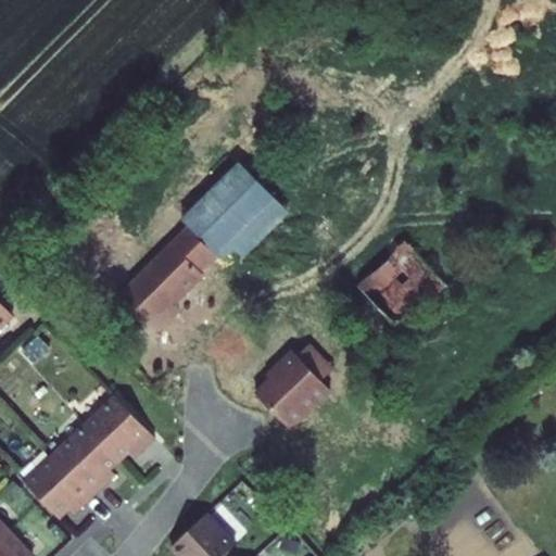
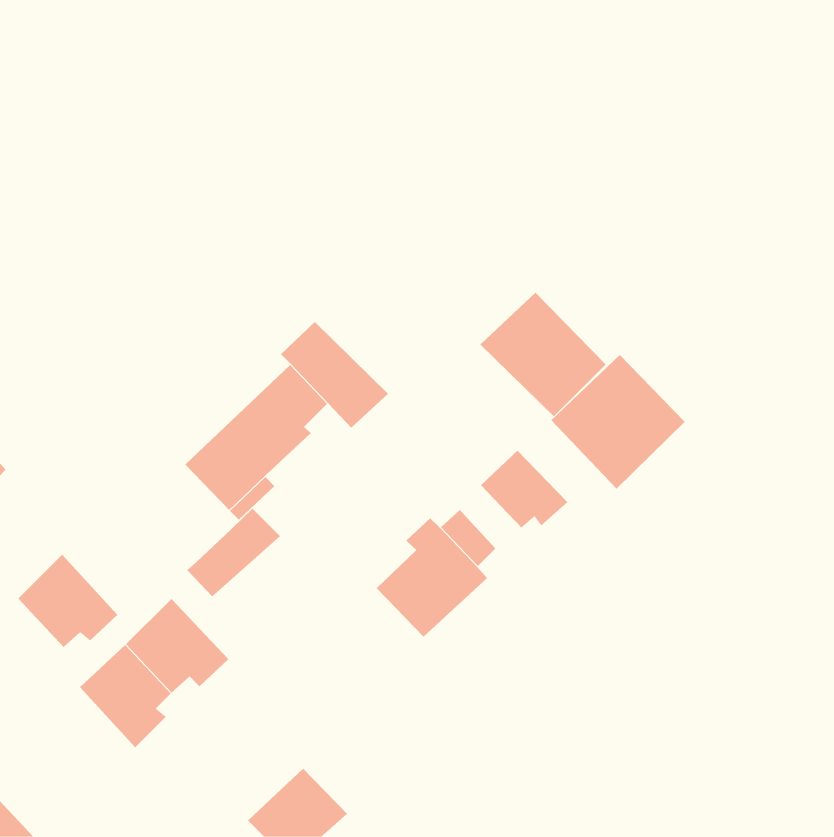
building: [207,177,291,260] -> [480,292,606,417]
building: none -> [480,450,568,528]
building: none -> [186,508,281,597]
building: [23,453,89,515] -> [18,554,118,648]

